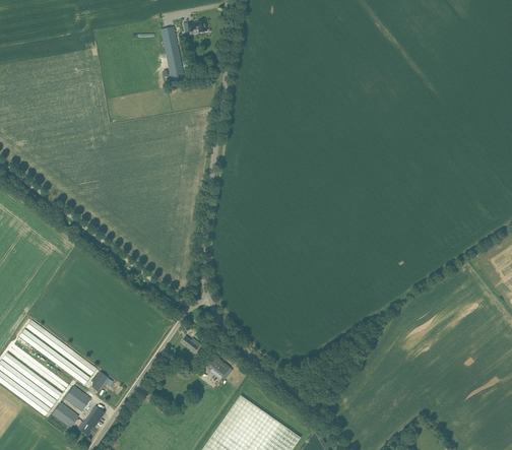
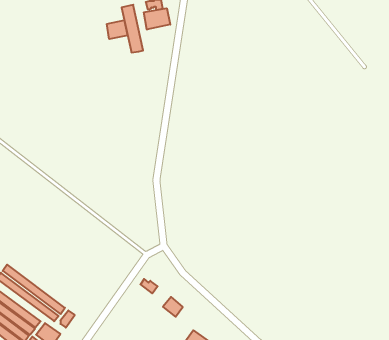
building: none -> [144,8,170,30]
building: none -> [107,20,128,39]

